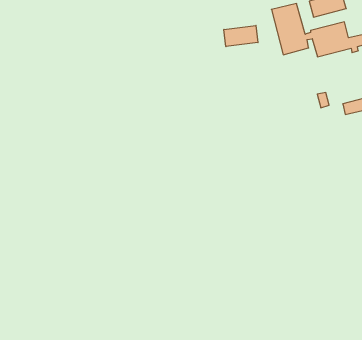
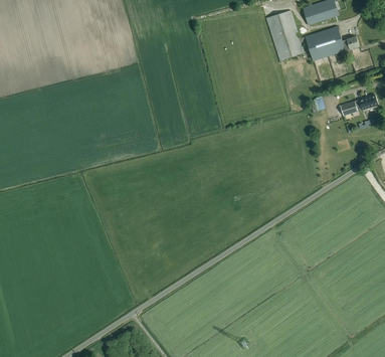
building: [224,25,258,47] -> none

